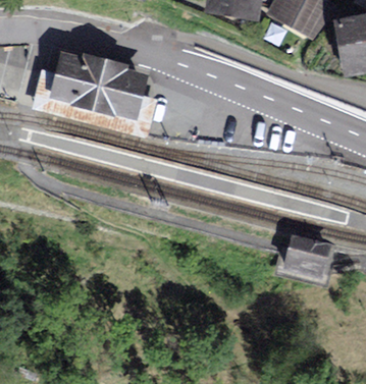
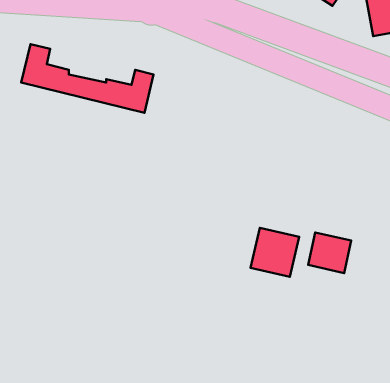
building: [59,59,141,108] -> none
building: none -> [250,228,299,277]

